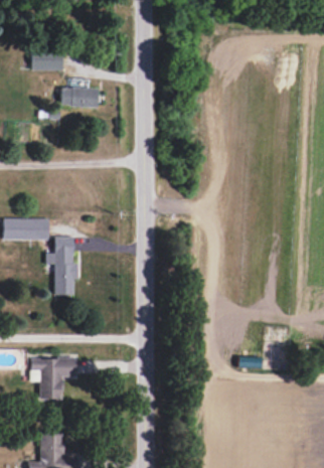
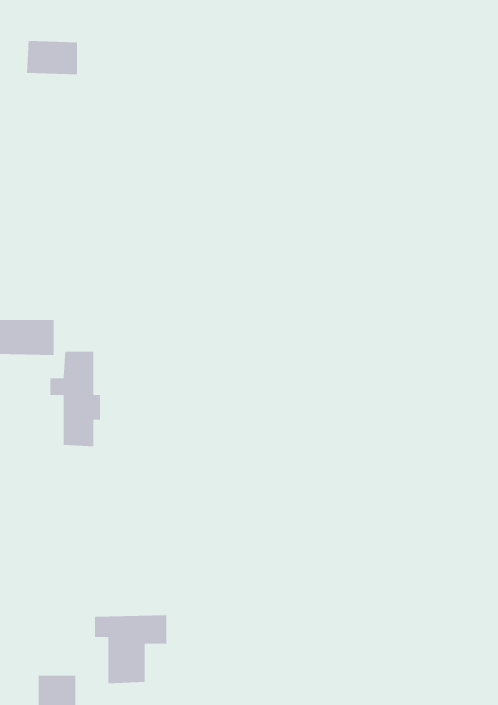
building: [60,87,98,107] -> none
building: [31,357,75,400] -> [94,614,167,684]

